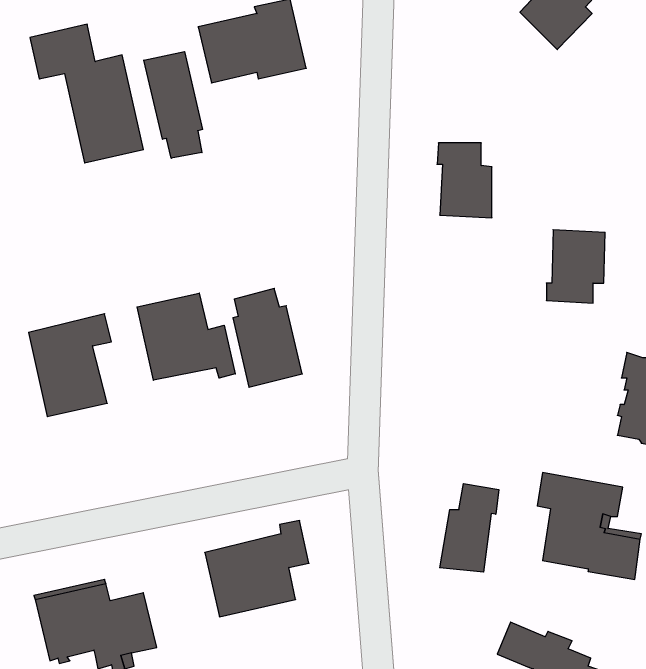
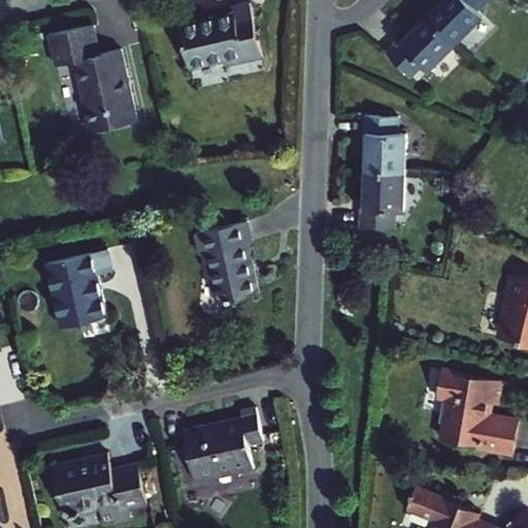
building: none -> [385,15,454,77]
building: [144,52,203,158] -> none
building: [546,230,605,303] -> [358,172,403,229]
building: [137,293,235,380] -> none
building: [440,484,499,572] -> none

